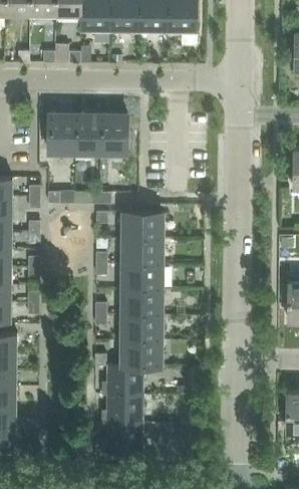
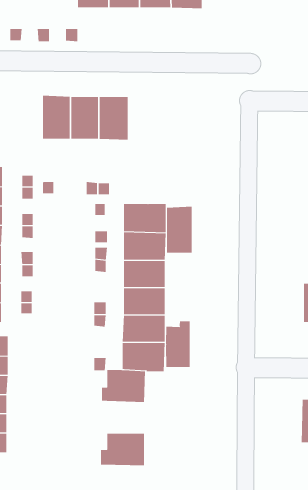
building: none -> [167,206,192,254]
building: none -> [166,321,190,368]
building: [102,394,142,423] -> none

